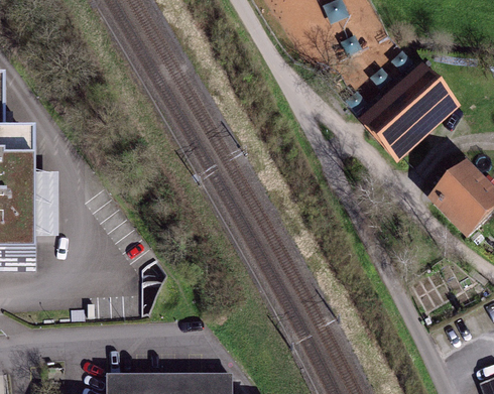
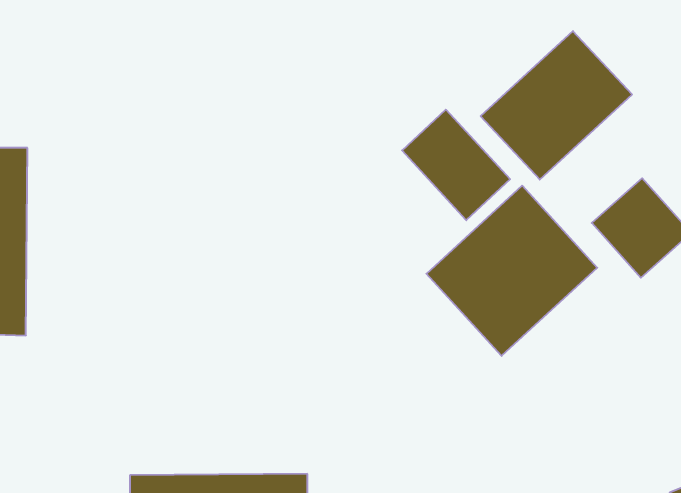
building: none -> [402,110,510,220]
building: none -> [426,186,597,356]

